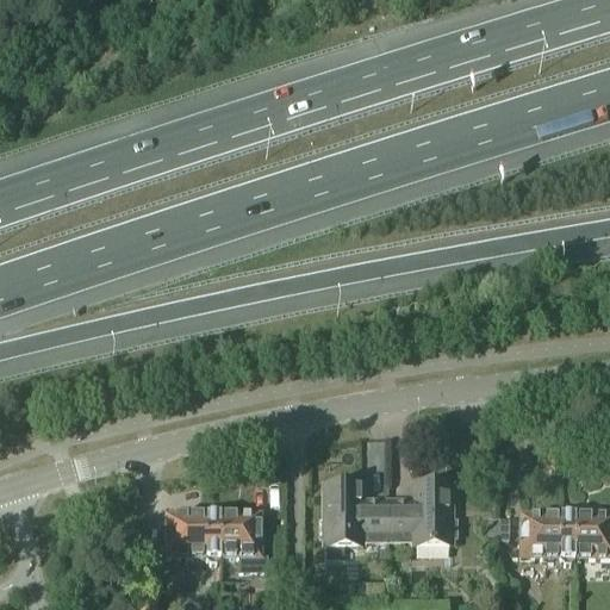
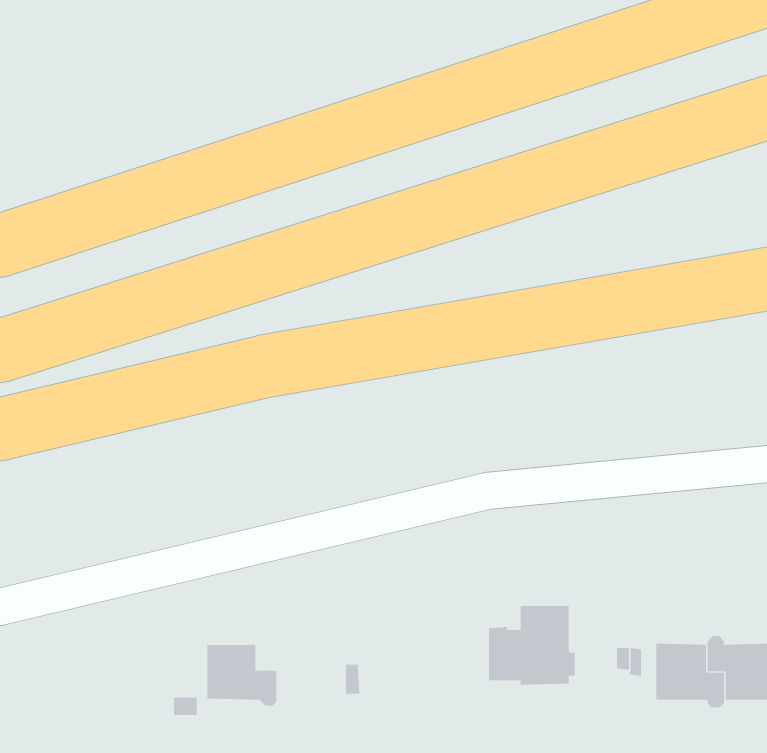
building: [320,479,388,542] -> none
building: [205,503,268,568] -> none

